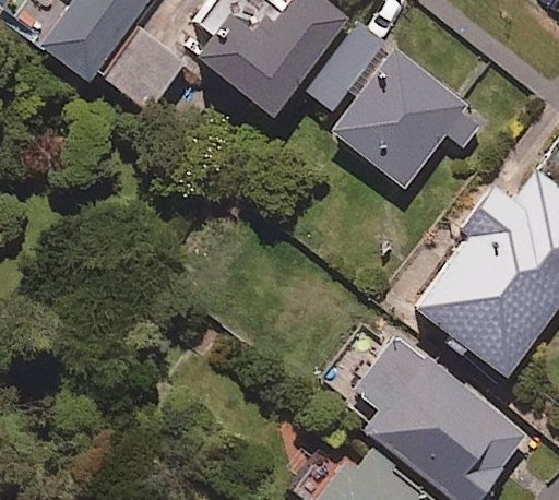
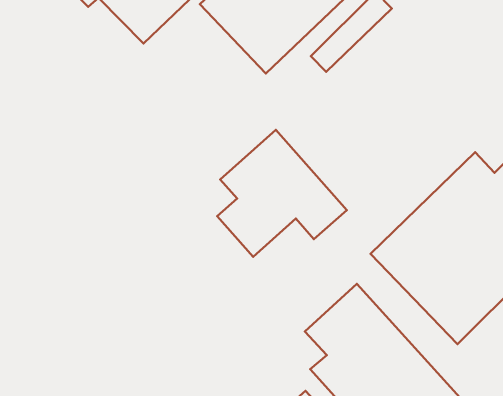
building: [335,55,490,197] -> none
building: none -> [217,130,347,257]

